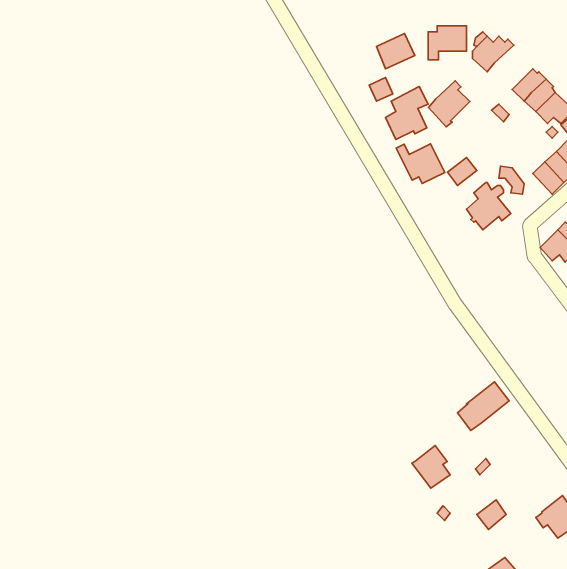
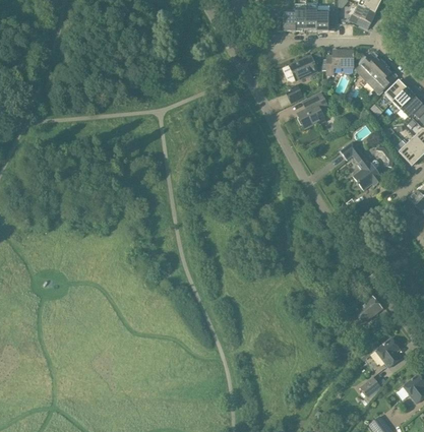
building: [428,81,470,127] -> [367,63,396,95]
building: [396,144,445,184] -> none
building: [412,445,450,488] -> [375,337,402,367]

